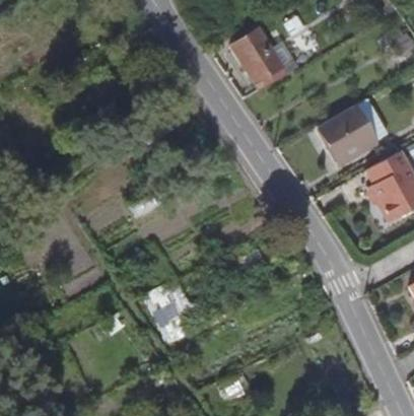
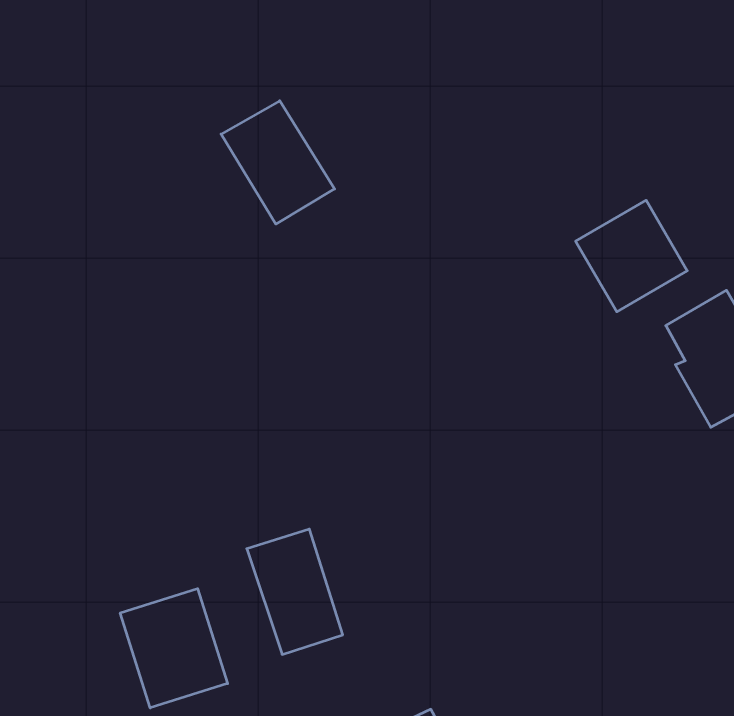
building: [233,27,292,91] -> [221,101,335,224]
building: none -> [120,589,228,708]

